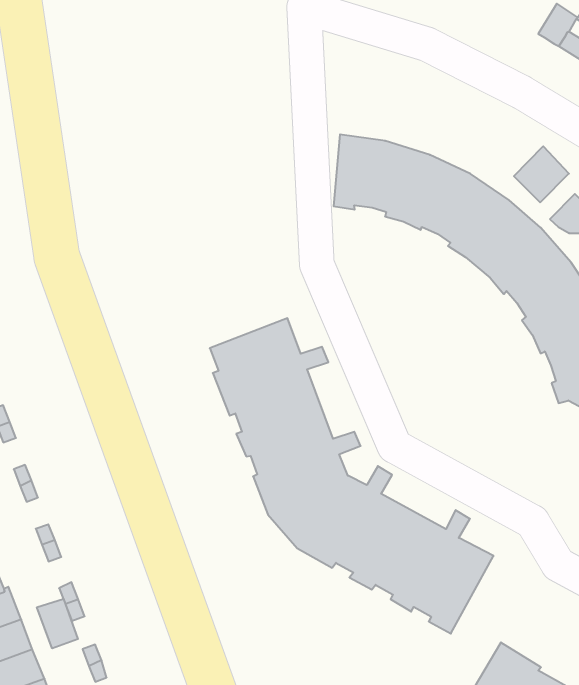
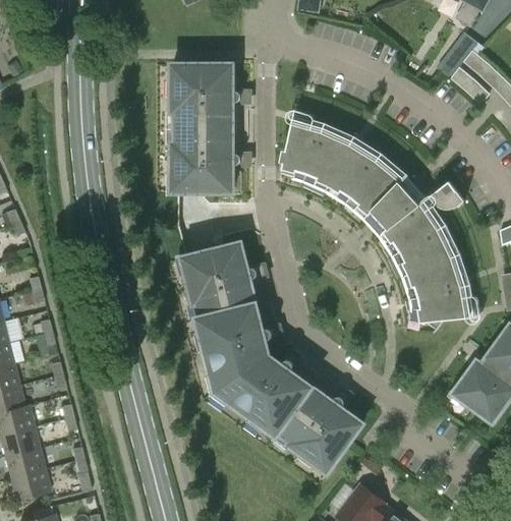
building: none -> [171,64,247,191]
building: [514,146,569,202] -> none
building: [37,599,78,648] -> none

